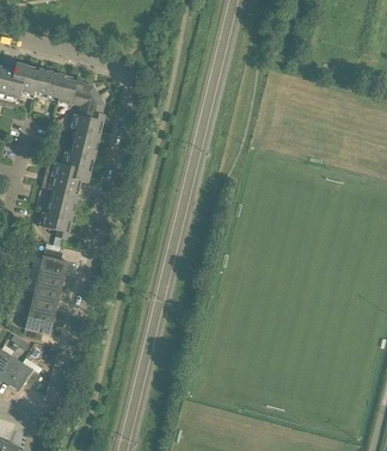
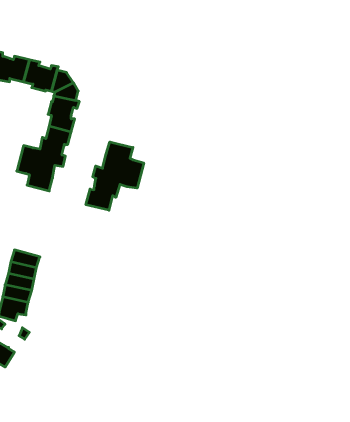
building: none -> [86,142,144,210]
building: [41,200,74,239] -> none
building: [38,247,68,274] -> none

